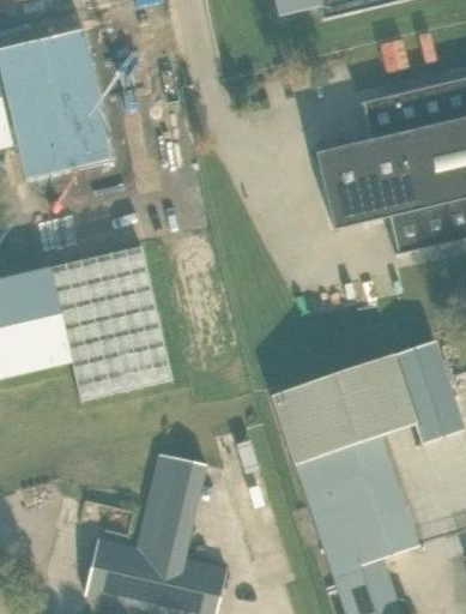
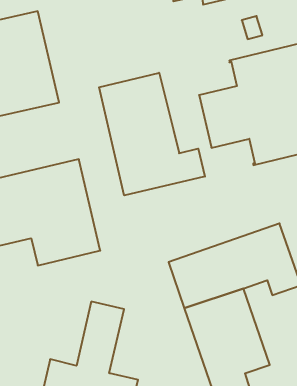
building: none -> [99,73,205,195]

